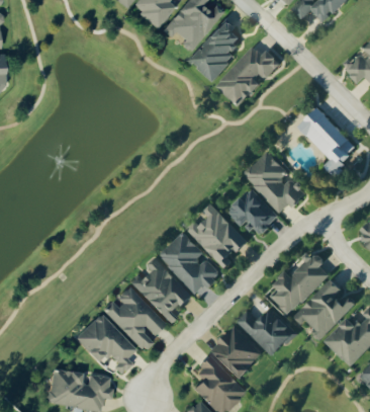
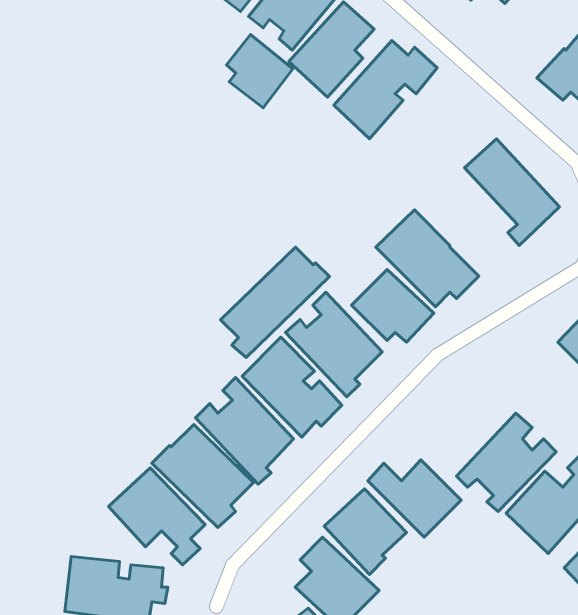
building: none -> [226,34,293,108]
building: none -> [221,247,329,358]
building: [269,254,330,316] -> none

